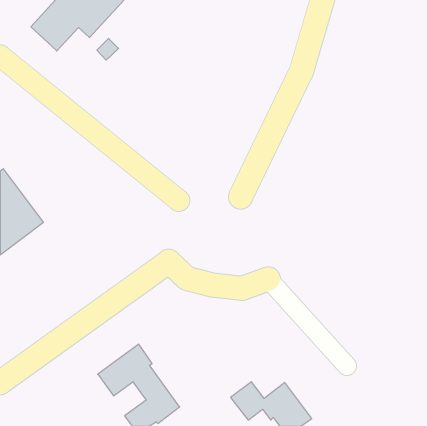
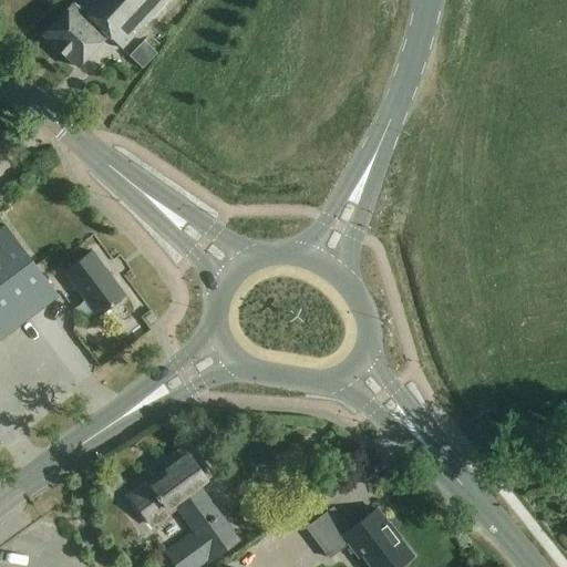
building: none -> [64,250,124,316]

